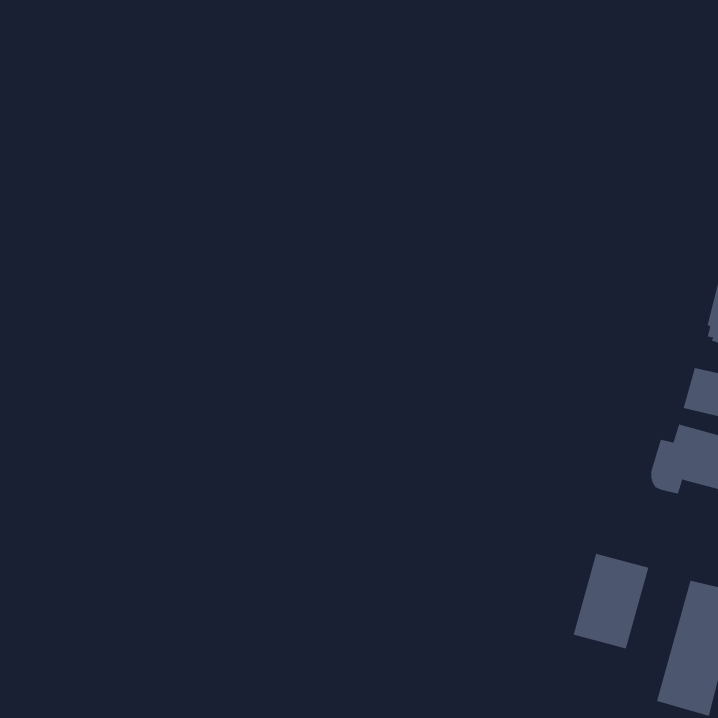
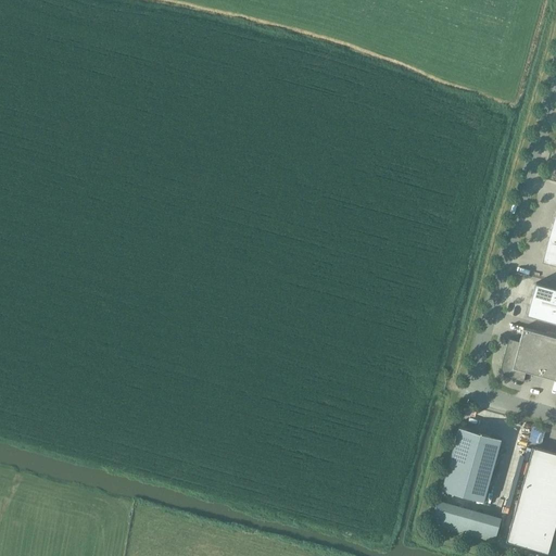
building: none -> [433,501,503,542]

